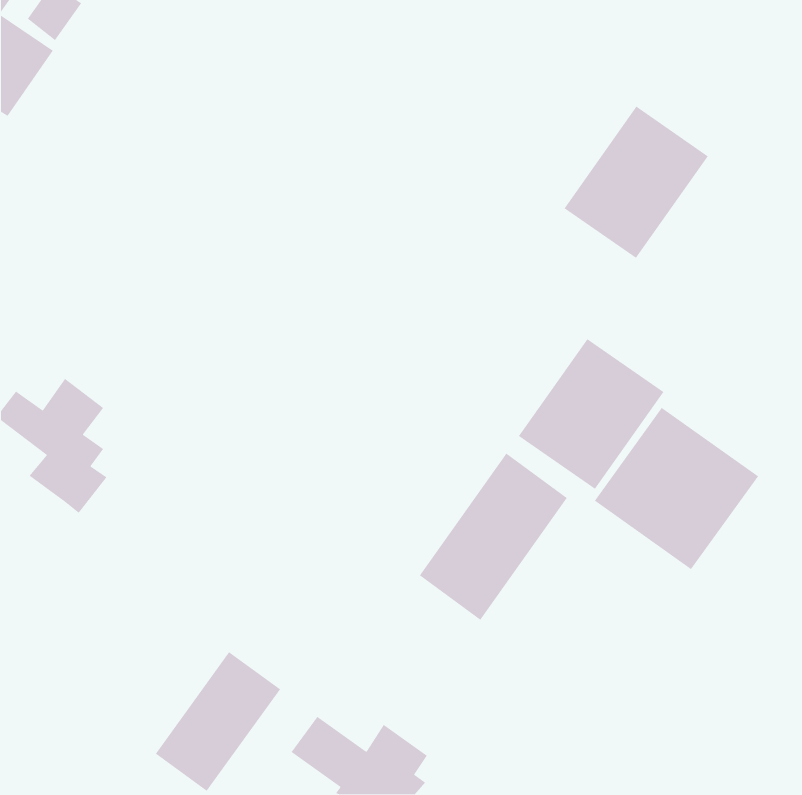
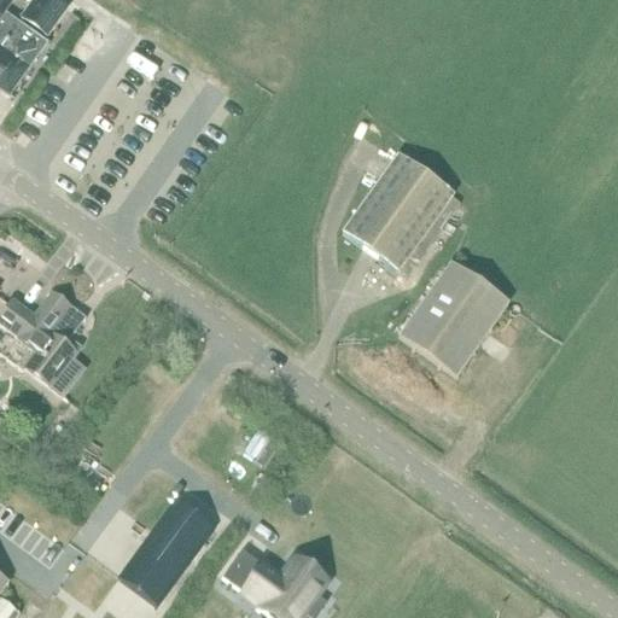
building: [564,106,709,259] -> [344,150,455,267]
building: [594,407,759,570] -> none
building: [419,452,568,621] -> none

